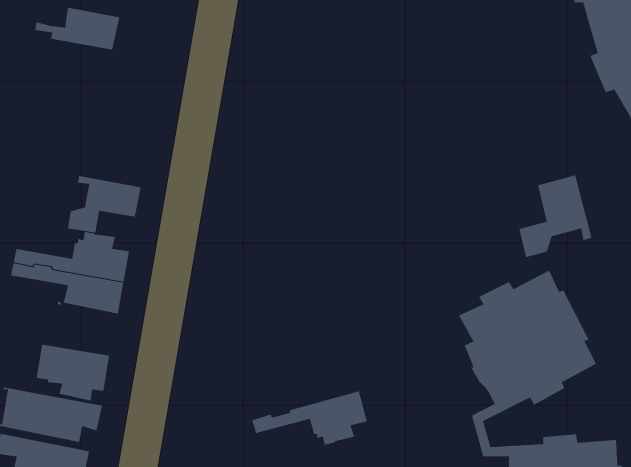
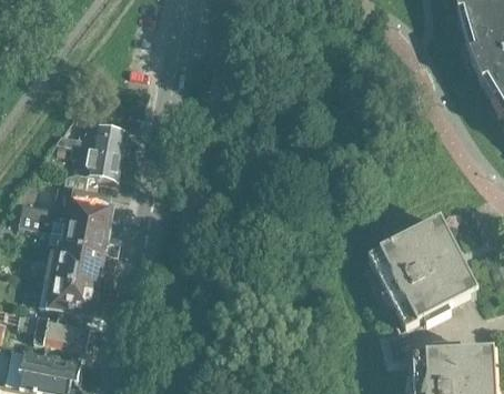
building: [34,7,120,50] -> [61,121,128,154]
building: [517,175,592,258] -> none
building: none -> [44,244,104,285]
building: [252,391,368,446] -> none

